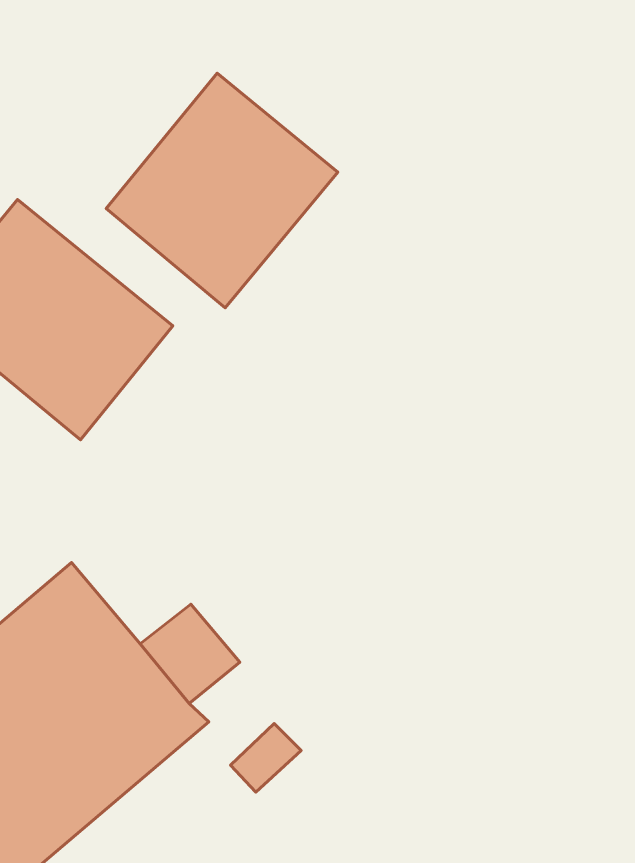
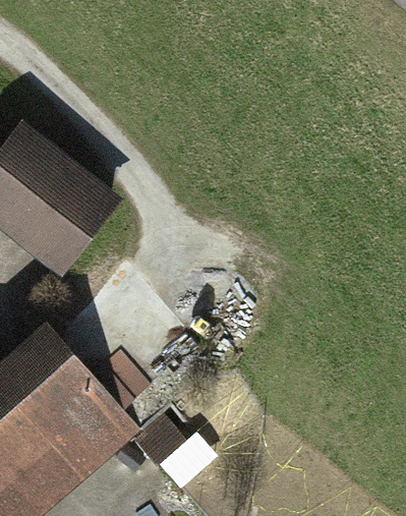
building: [106,73,338,308] -> none

